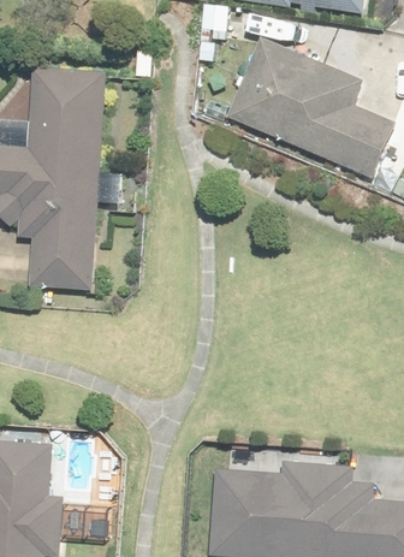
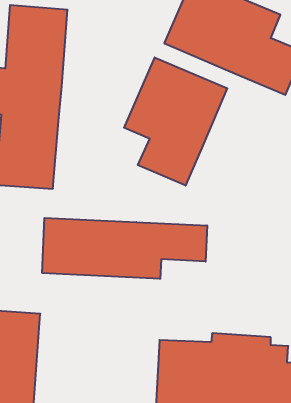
building: none -> [124,57,227,186]
building: none -> [42,218,207,279]

